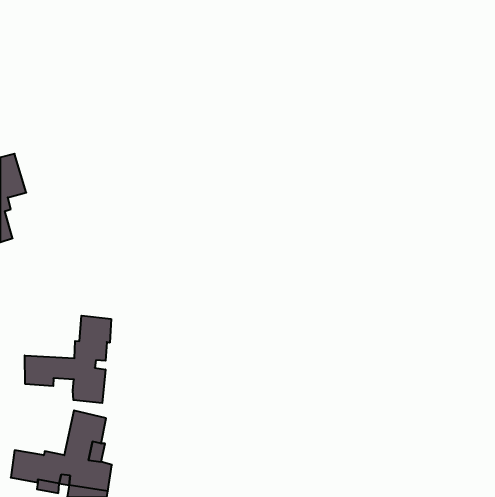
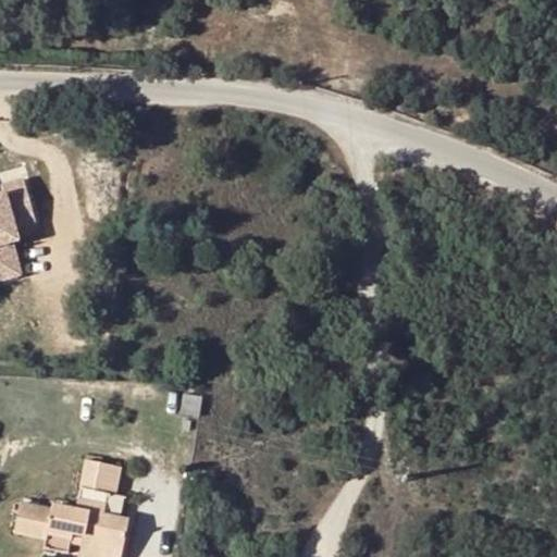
building: [25,316,111,403] -> none

